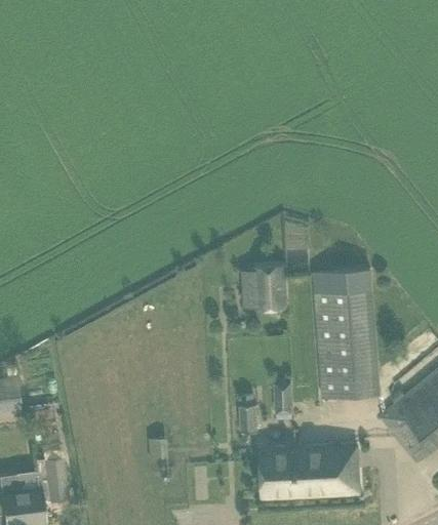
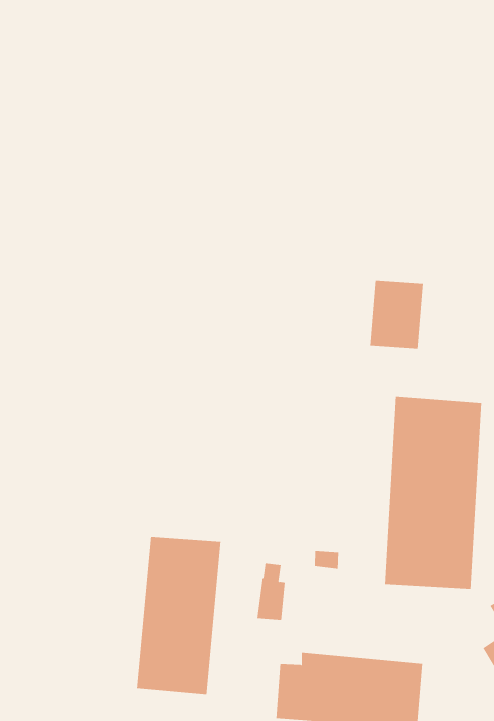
building: [250,265,285,311] -> [369,280,424,349]
building: none -> [136,536,221,695]

